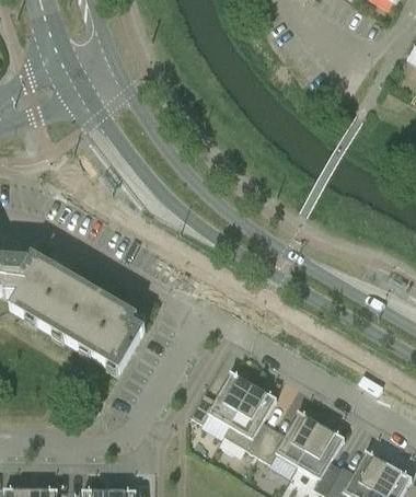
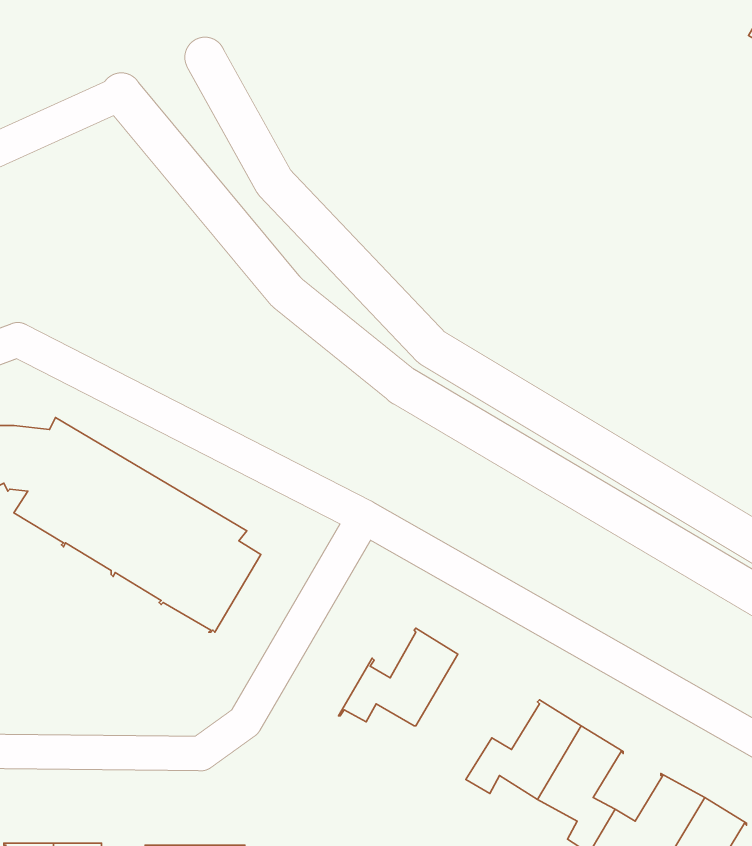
building: [223,384,277,461] -> none

